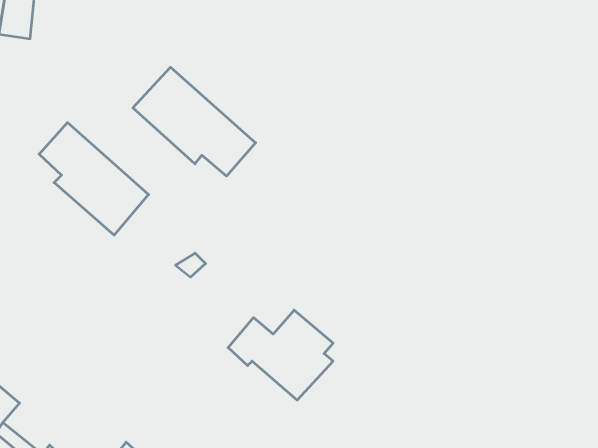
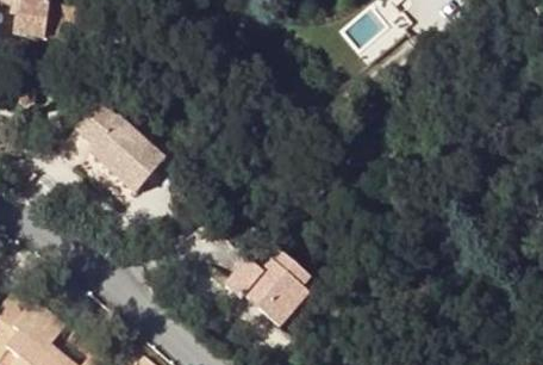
building: [133,67,256,176] -> none

